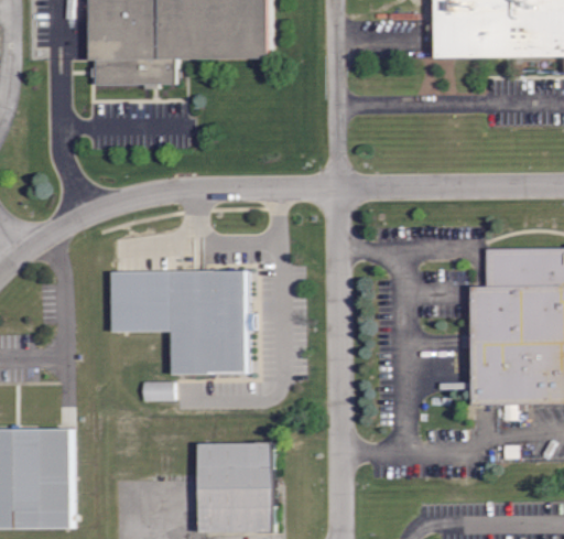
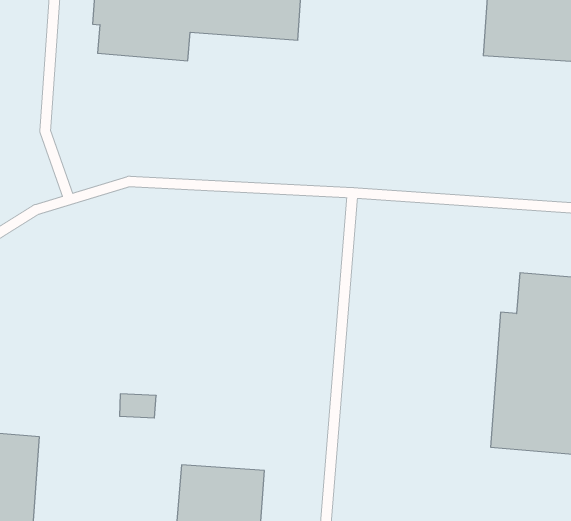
building: [112,268,247,373] -> none

